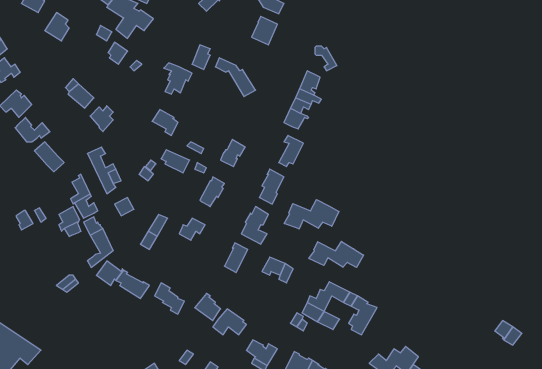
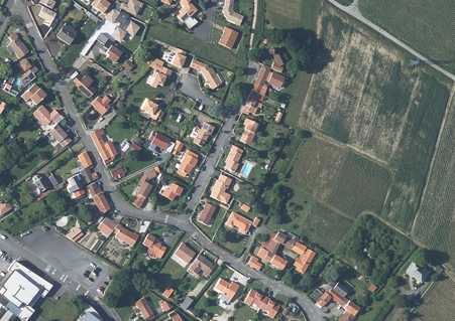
building: [284,200,339,229] -> none
building: [309,241,364,267] -> none

